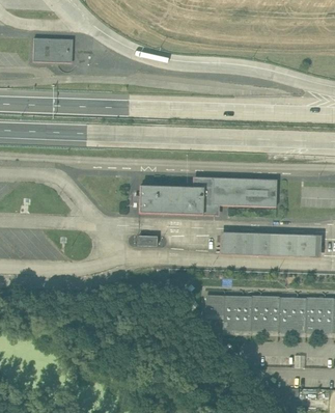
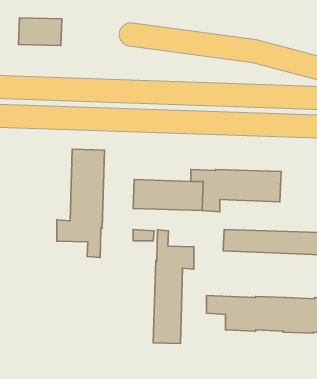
building: none -> [57,149,105,257]
building: none -> [153,230,194,344]

